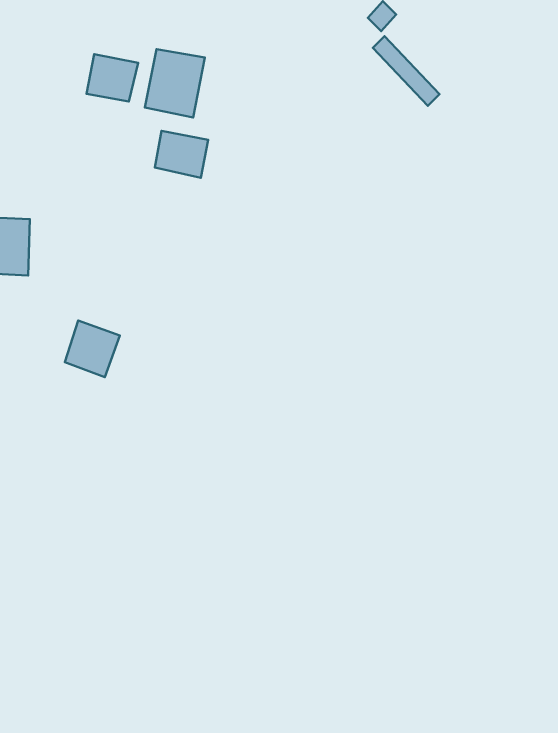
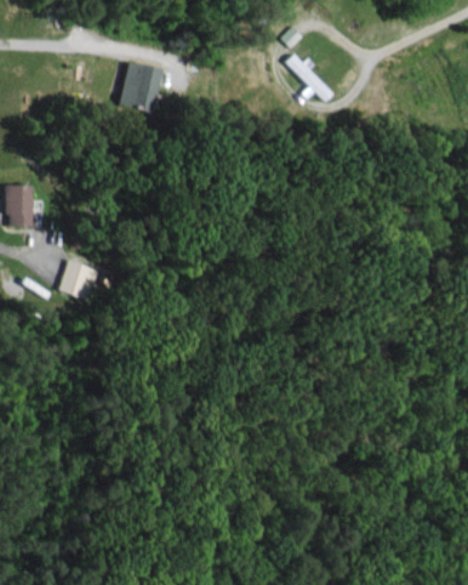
building: [86,54,138,102] -> none
building: [155,131,208,178] -> none

